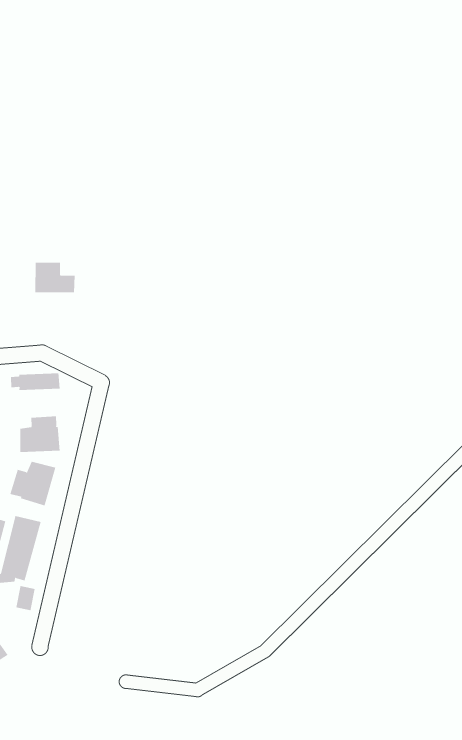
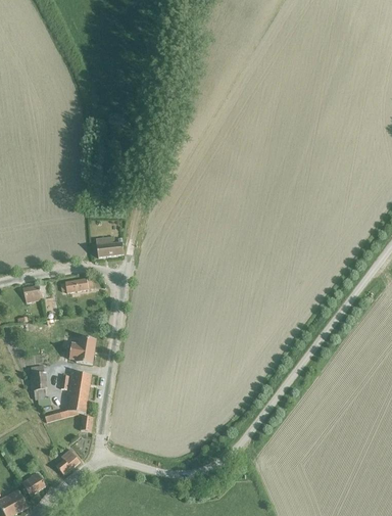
building: [35,262,75,293] -> [96,236,124,257]
building: [20,415,60,453] -> none

